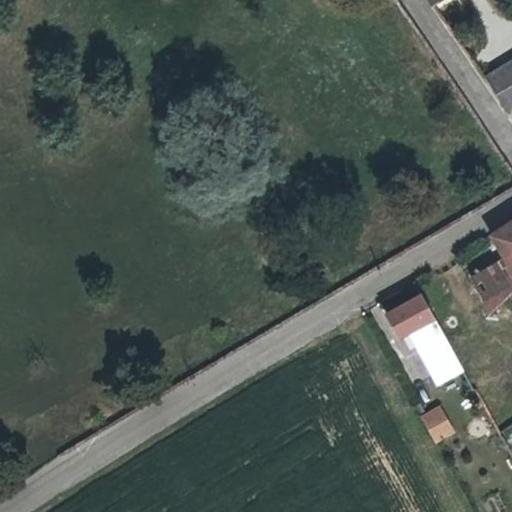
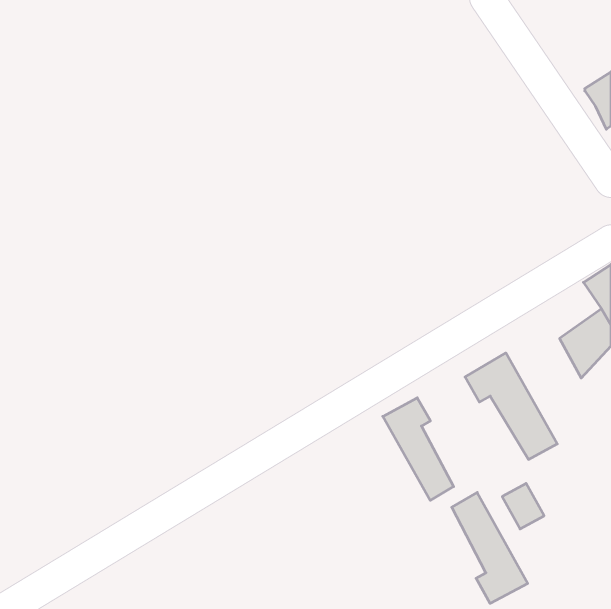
building: none -> [383,398,454,500]
building: none -> [452,492,528,603]

